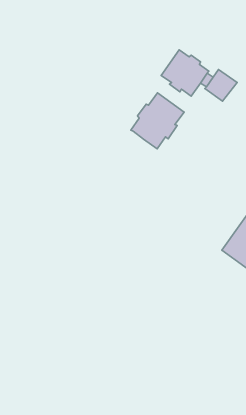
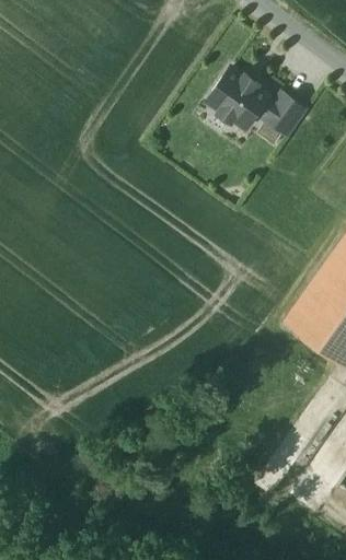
building: [131,93,184,149] -> none

